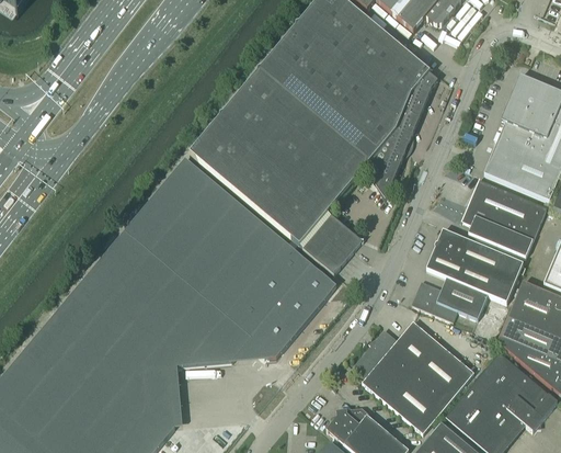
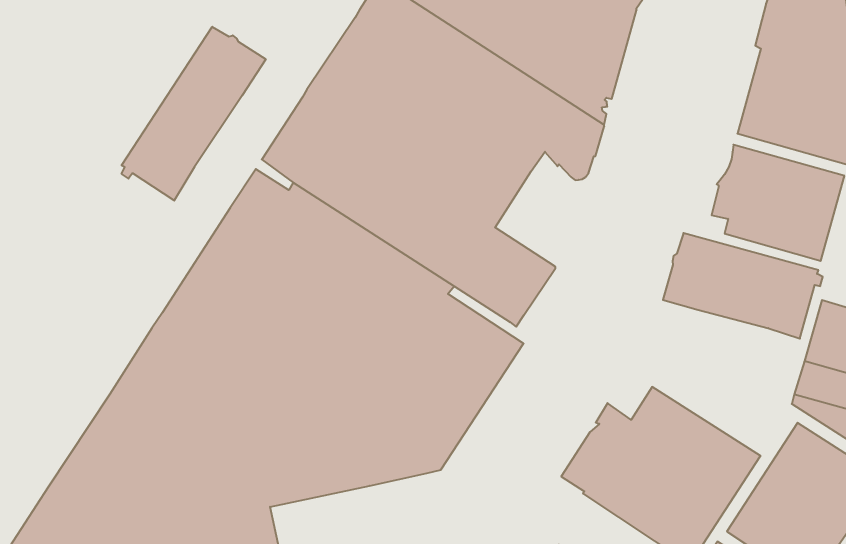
building: none -> [122,27,266,201]
building: [411,276,488,320] -> none

